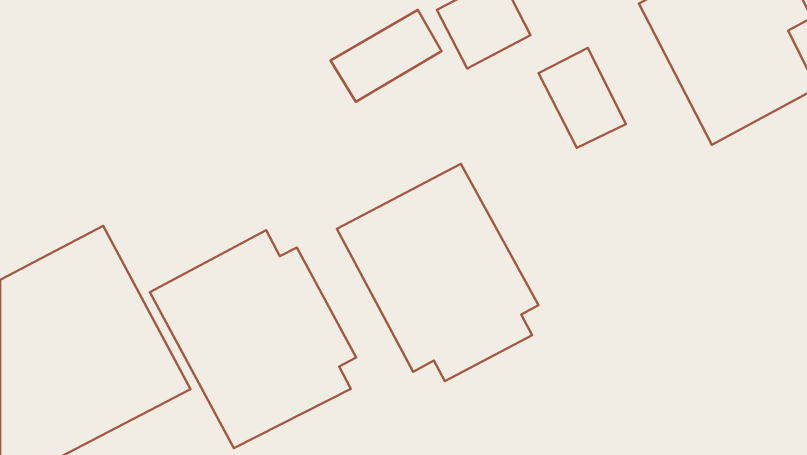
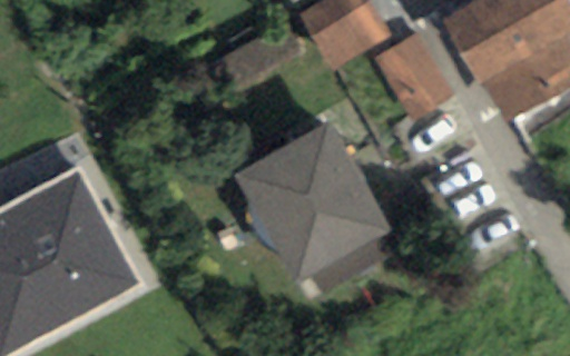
building: [150,230,356,448] -> none

